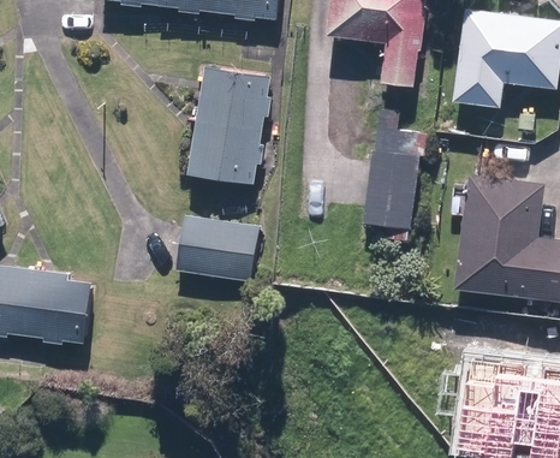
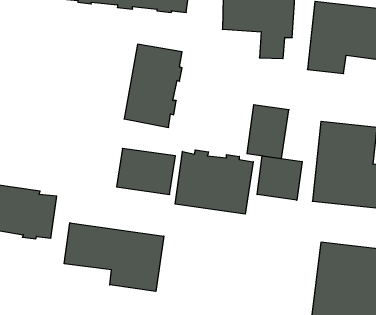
building: none -> [175,150,253,214]
building: none -> [257,156,302,200]
building: none -> [64,223,164,291]

